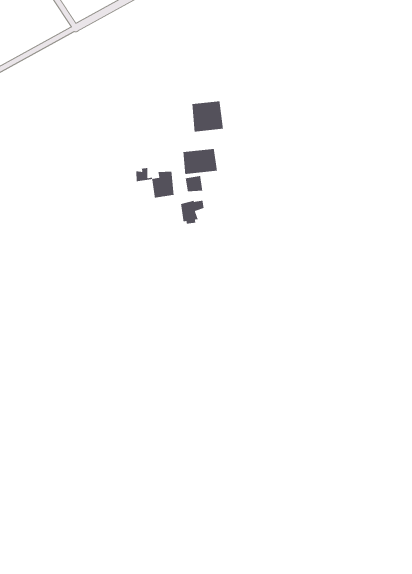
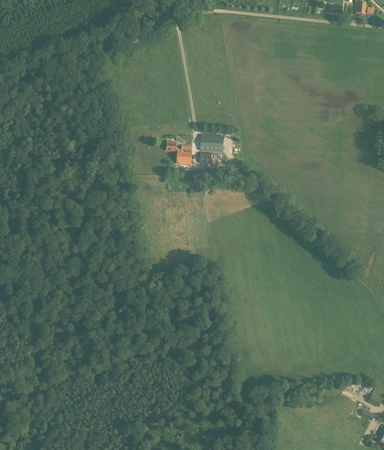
building: [192,100,224,132] -> none

